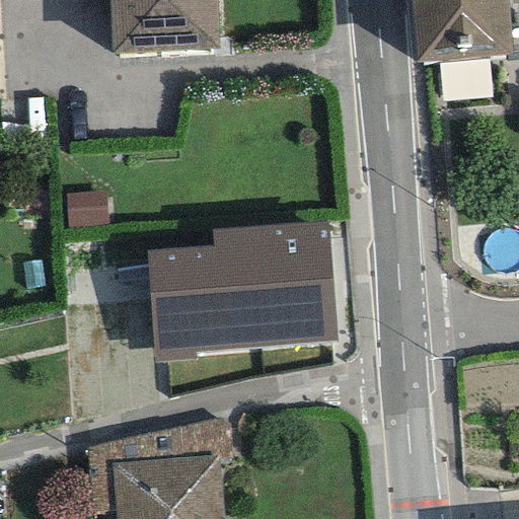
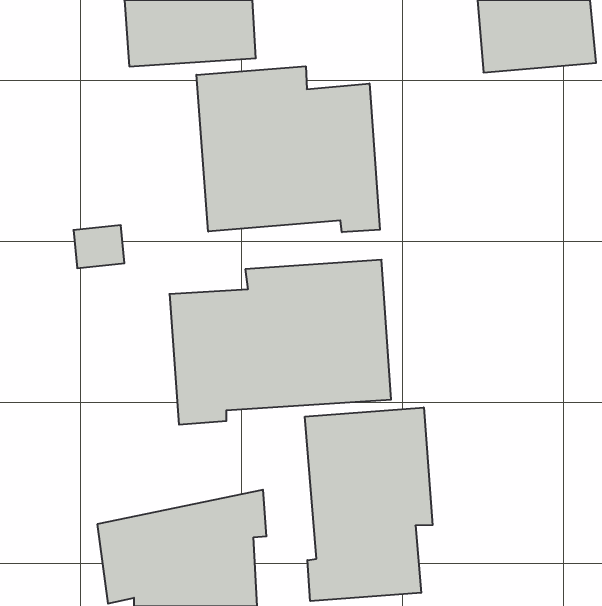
building: none -> [196,66,380,232]
building: none -> [305,407,433,601]

